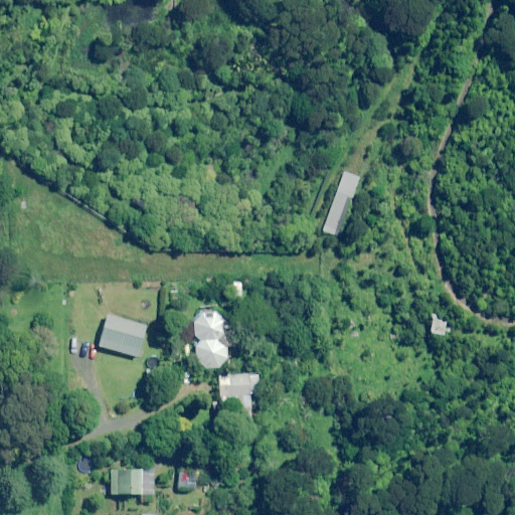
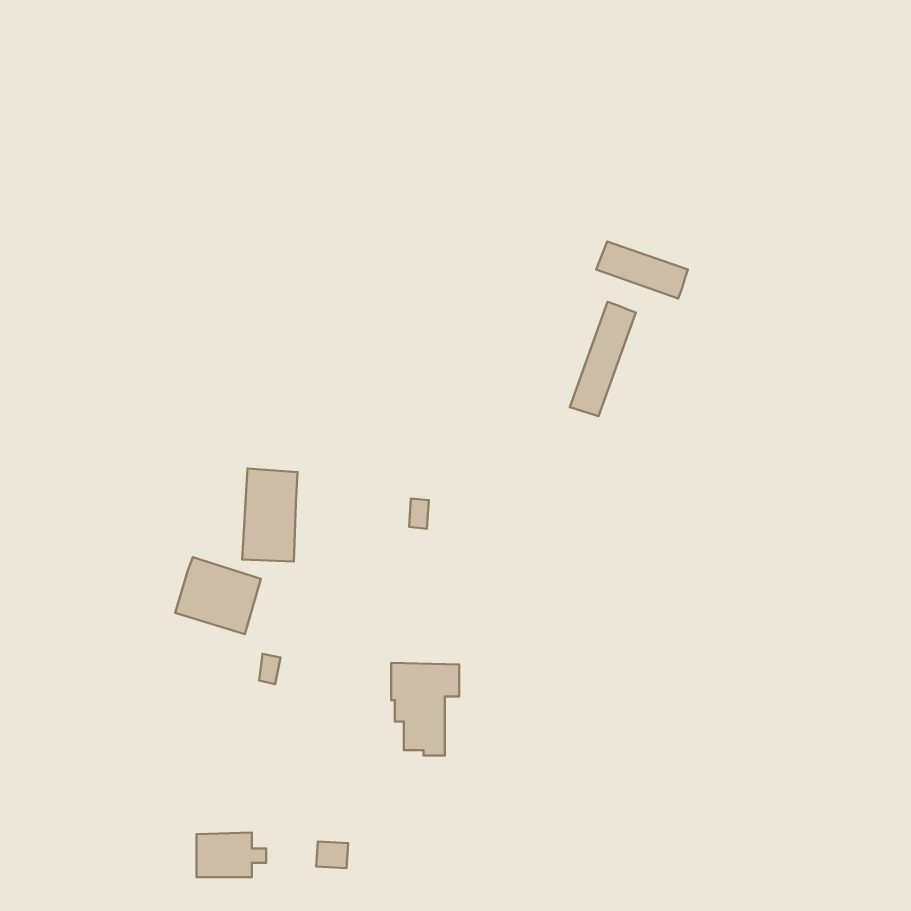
building: none -> [596,241,688,298]
building: [195,311,226,363] -> [242,468,298,561]

